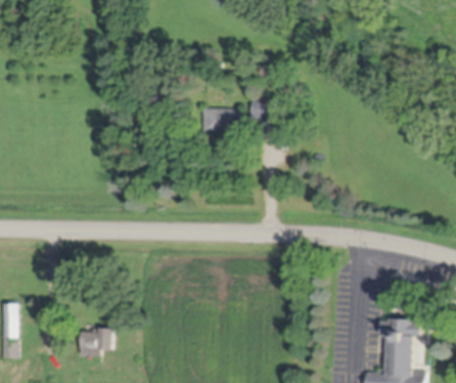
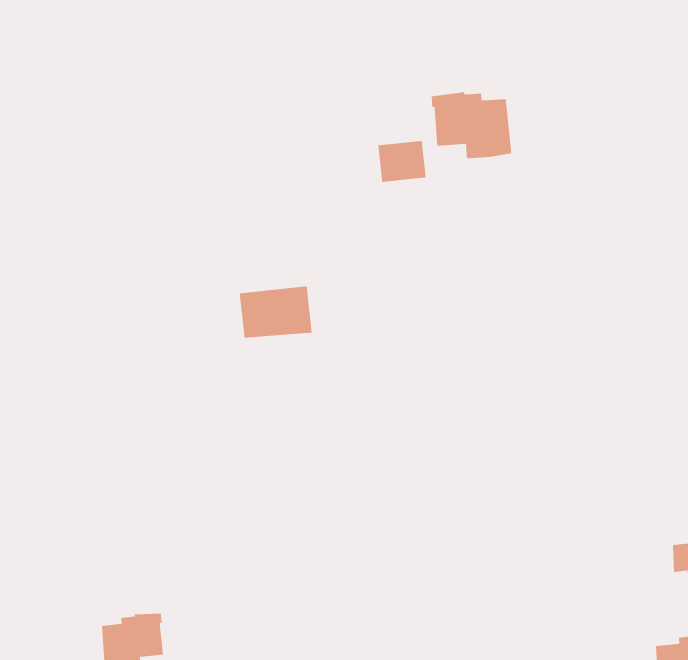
building: none -> [431,91,512,159]
building: [202,109,238,133] -> [239,286,313,338]

